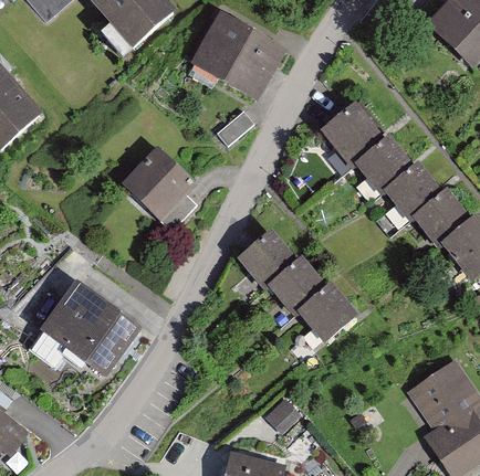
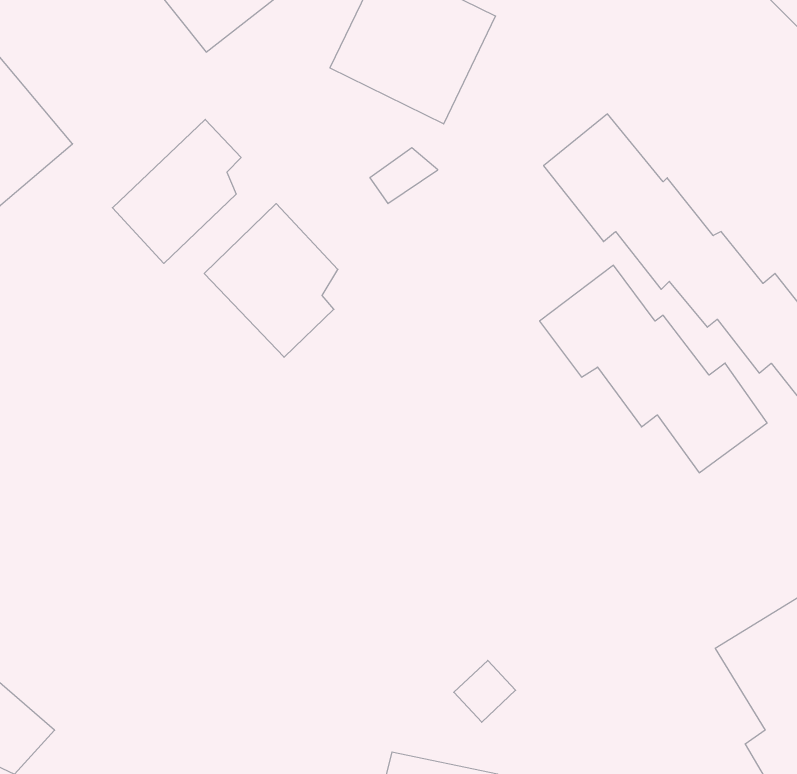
building: none -> [112,119,241,263]
building: [237,229,363,343] -> [540,265,767,473]
building: [30,284,142,372] -> none

